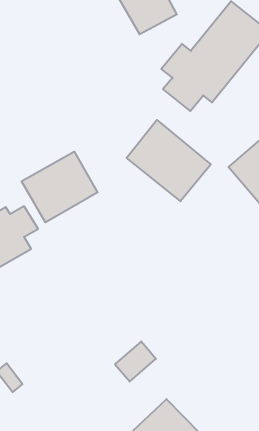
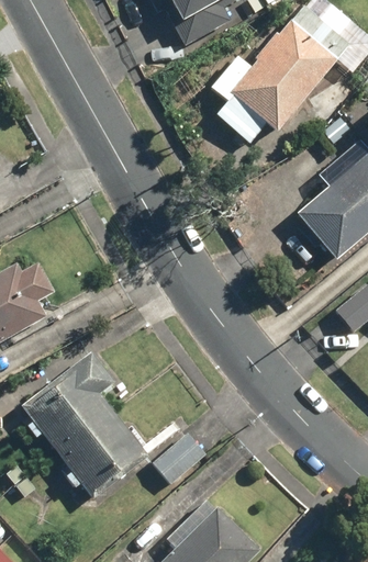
building: [127,120,211,201] -> none
building: [22,152,98,222] -> none
building: none -> [22,350,148,496]

